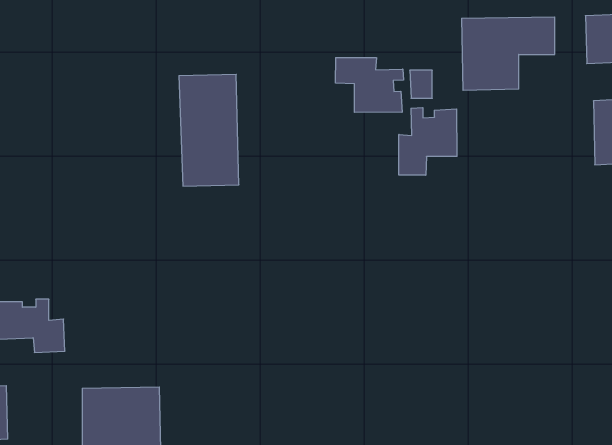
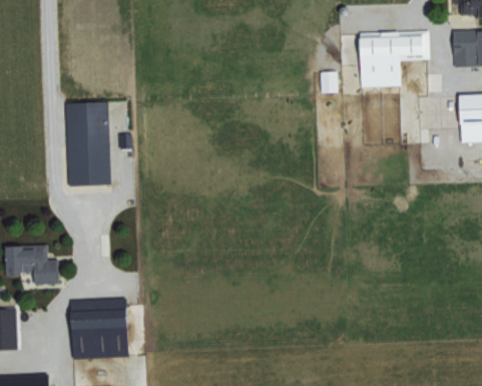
building: [336,58,403,112] -> none
building: [179,74,239,186] -> [66,101,111,185]
building: [399,108,457,175] -> none

